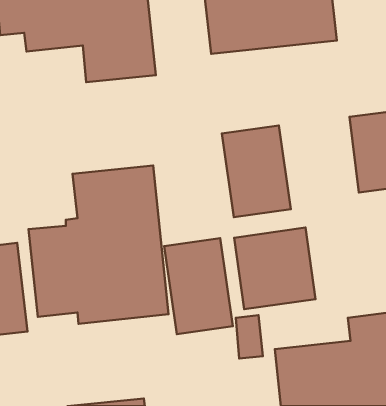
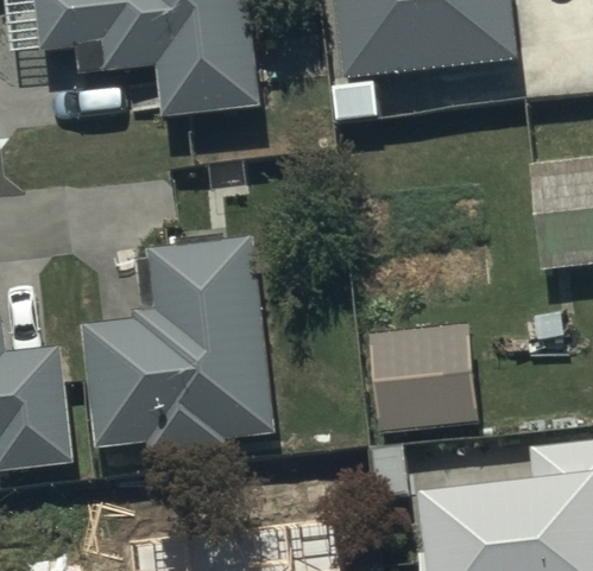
building: [222,125,291,217] -> none
building: [164,238,233,334] -> none

